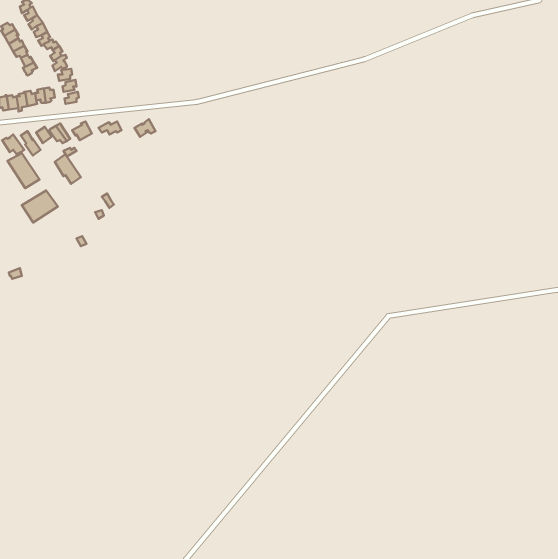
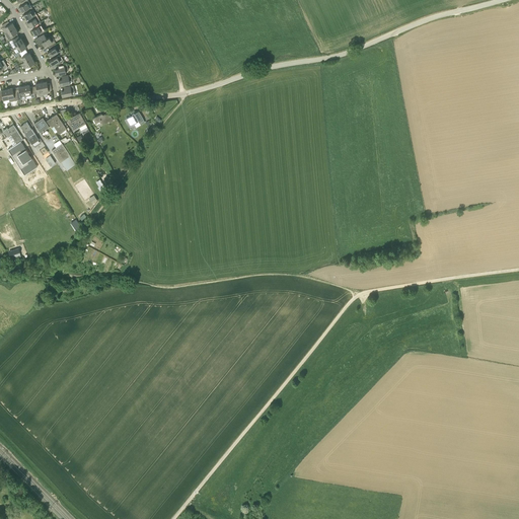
building: [22,191,58,222] -> none

